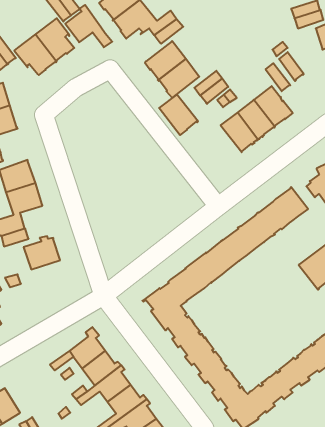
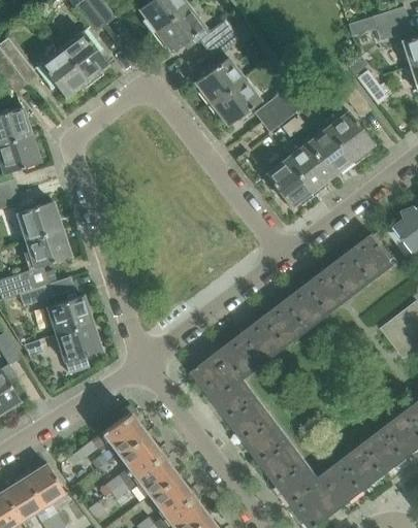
building: [65,5,112,47] -> none
building: [159,94,198,135] -> [264,159,312,208]
building: none -> [56,323,100,362]
building: none -> [24,464,65,508]

